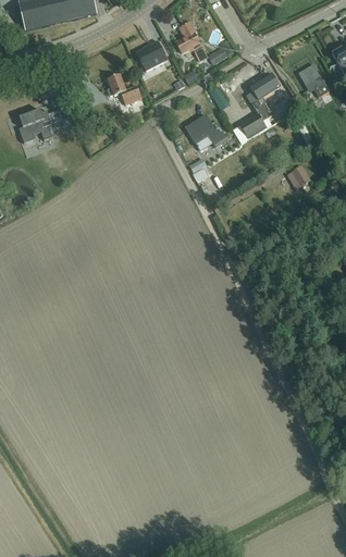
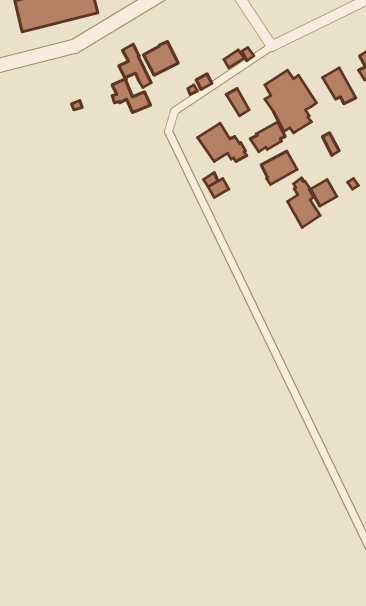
building: [176,22,206,61] -> [119,44,151,88]
building: [17,109,62,143] -> none
building: none -> [261,151,297,184]
building: none -> [287,178,320,227]

